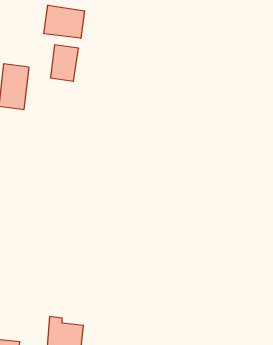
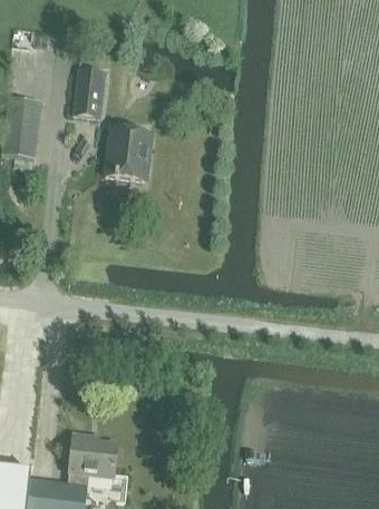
building: [44,5,84,38] -> none
building: none -> [108,127,153,182]

